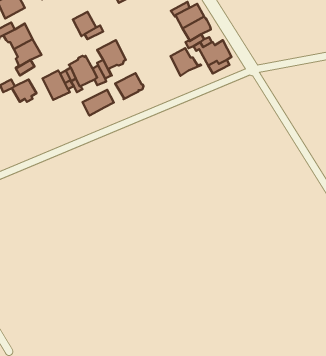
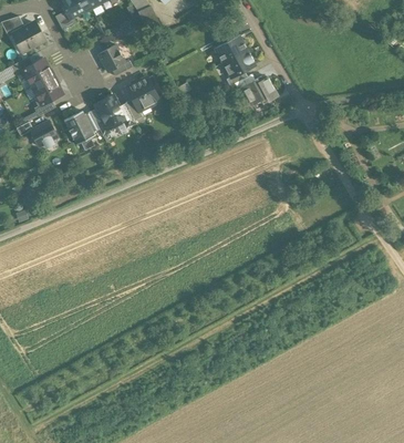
building: [170,48,201,76] -> none
building: [115,73,143,99] -> none
building: [82,90,114,115] -> none

